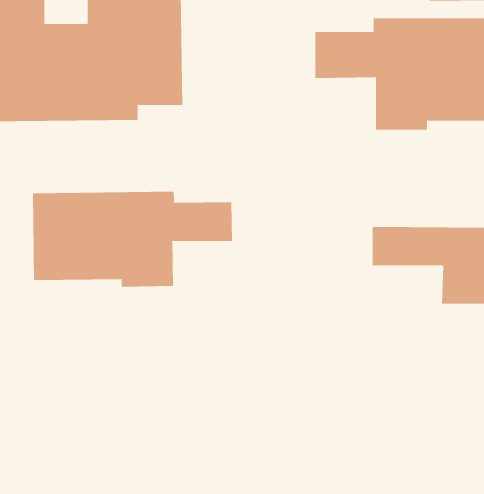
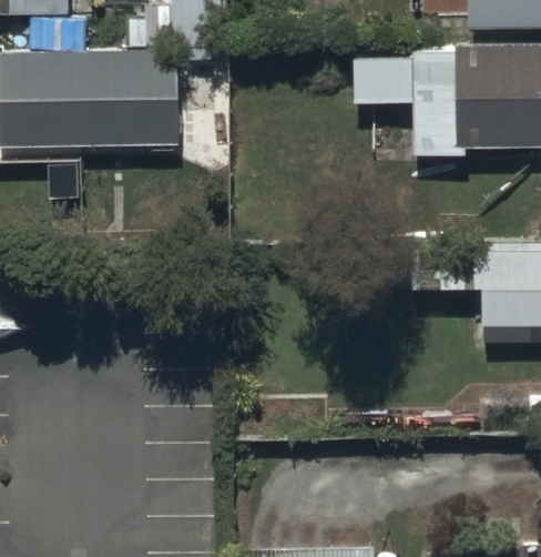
building: [32,191,233,287] -> none

